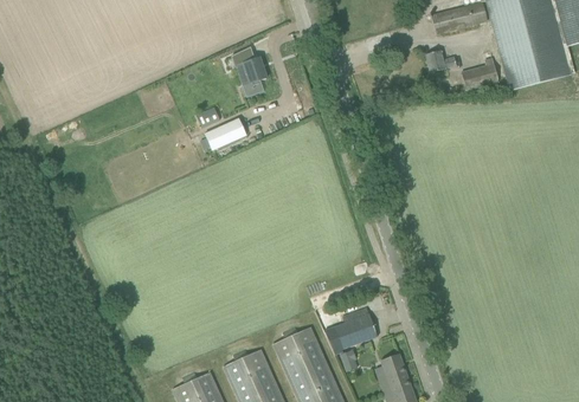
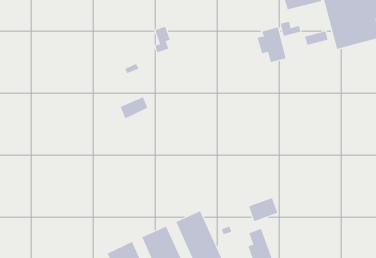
building: none -> [257,27,286,63]
building: [205,117,246,150] -> [120,96,148,119]
building: [334,313,378,349] -> [248,197,278,222]

